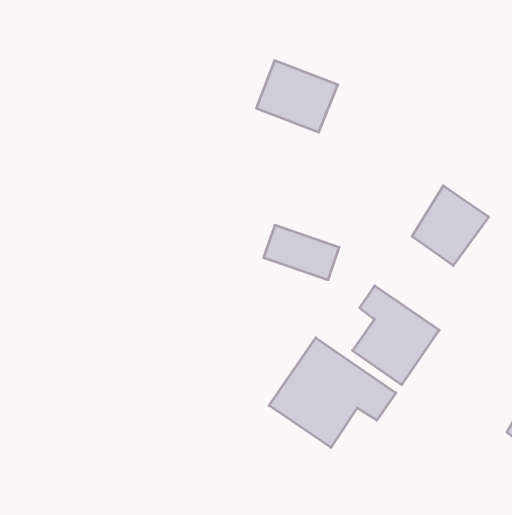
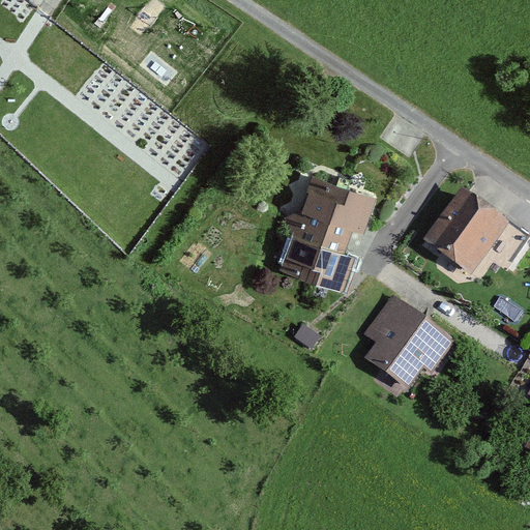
building: [256,61,338,132] -> [288,169,372,242]
building: [269,338,396,448] -> none

